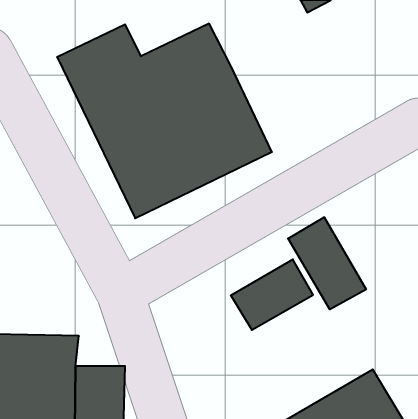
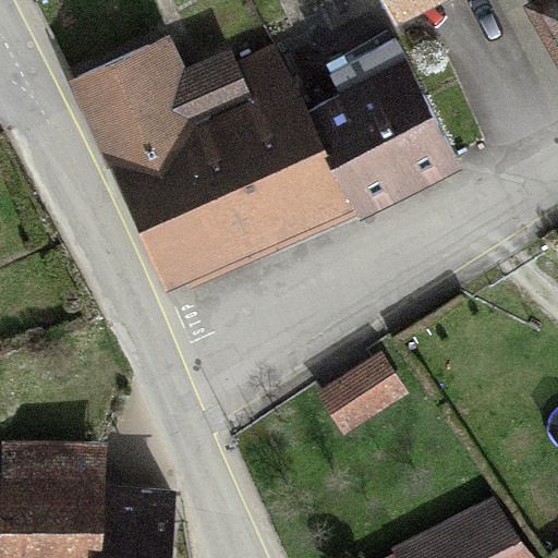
building: none -> [301,47,466,210]
building: [288,217,366,309] -> none

